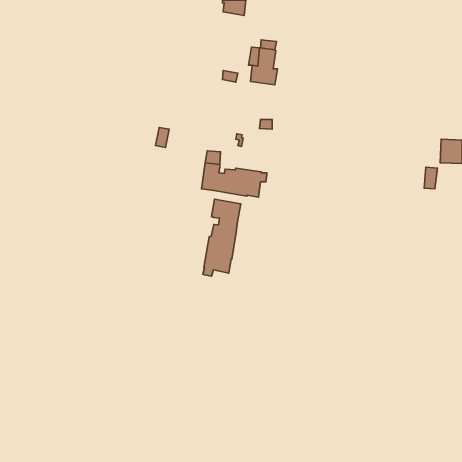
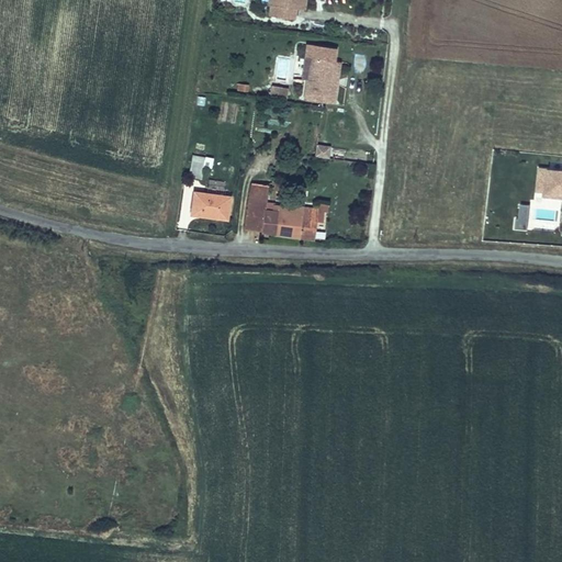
building: none -> [191,192,229,220]
building: [203,199,241,276] -> none

